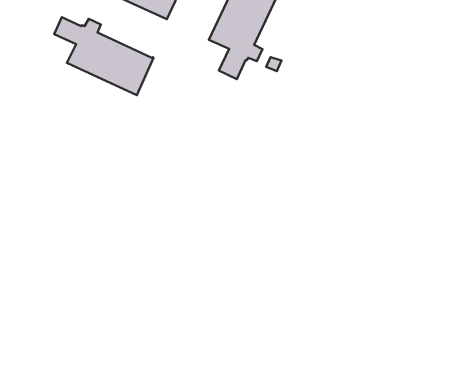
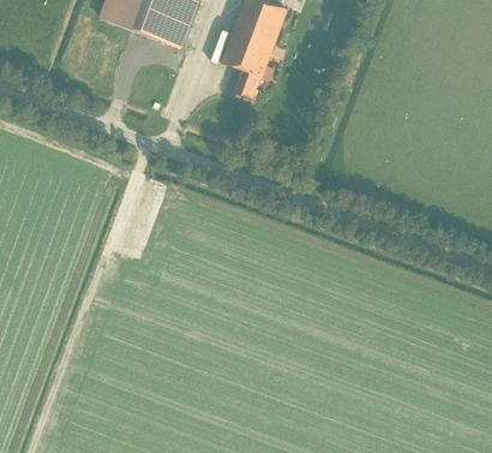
building: [54,17,154,95] -> none

